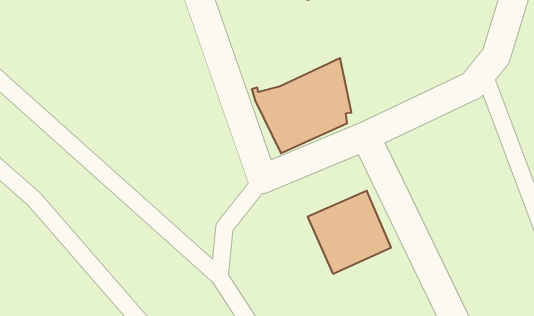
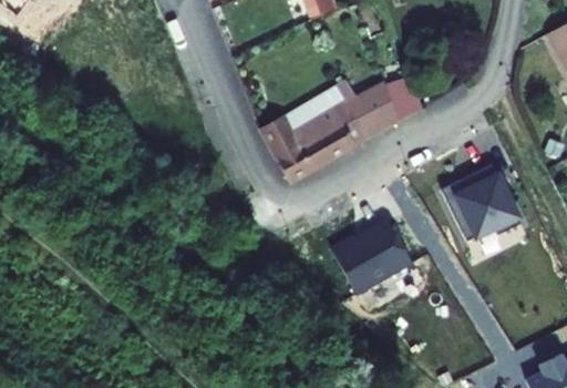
building: none -> [347,70,416,133]
building: none -> [449,166,524,244]

